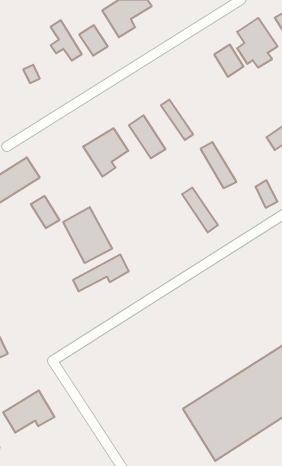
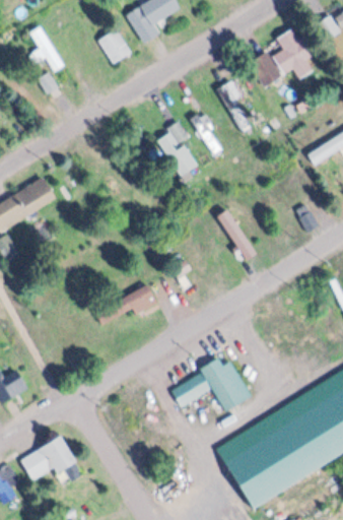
building: [51,20,82,61] -> [31,27,66,72]
building: [83,128,128,177] -> none
building: [201,142,236,188] -> [220,84,260,135]
building: [31,196,59,228] -> none
building: [63,207,112,263] -> none
building: none -> [168,356,248,411]

